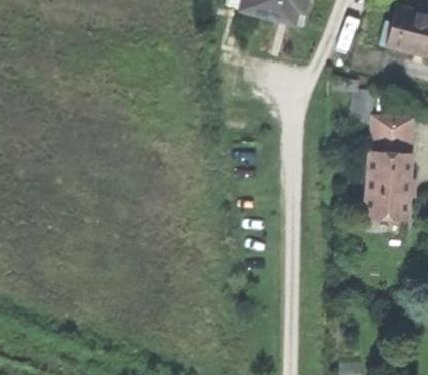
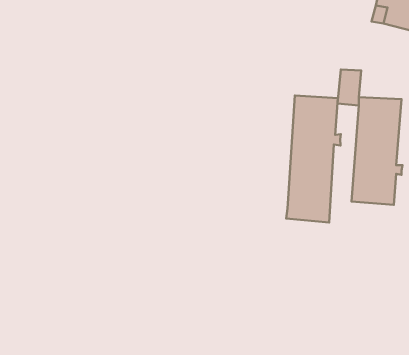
building: none -> [286,95,341,223]

